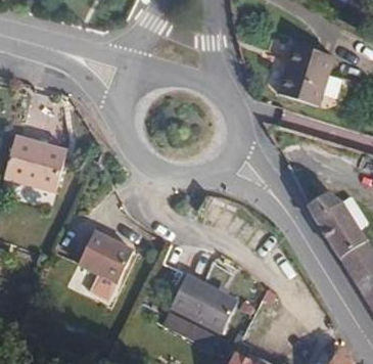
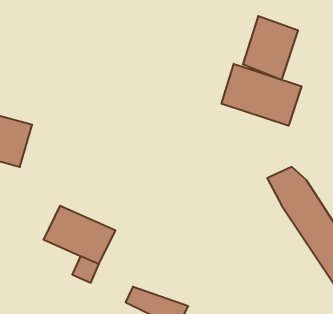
building: none -> [222,64,302,126]
building: [168,271,239,330] -> none

